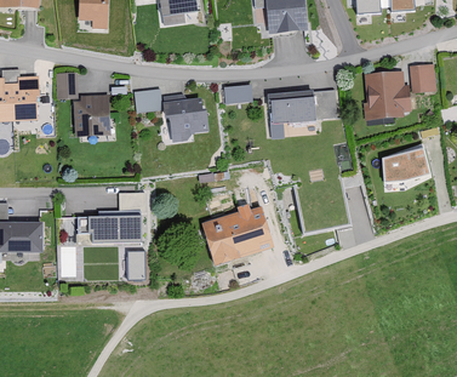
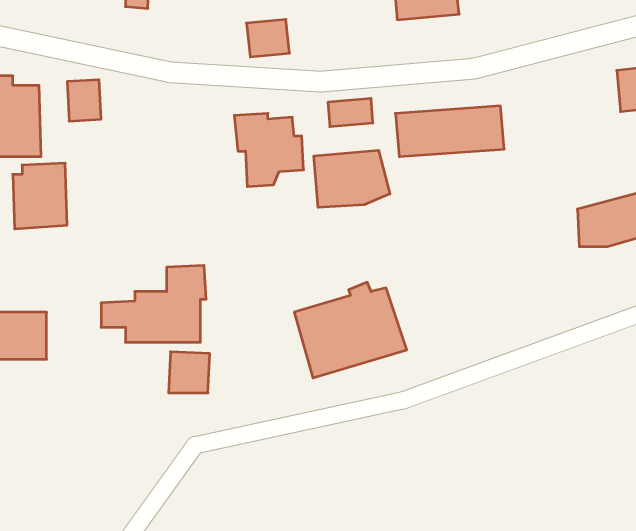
building: [362,72,411,120] -> none
building: [133,88,161,113] -> [246,19,290,57]
building: [74,95,109,137] -> [13,163,67,229]
building: none -> [314,150,390,207]

